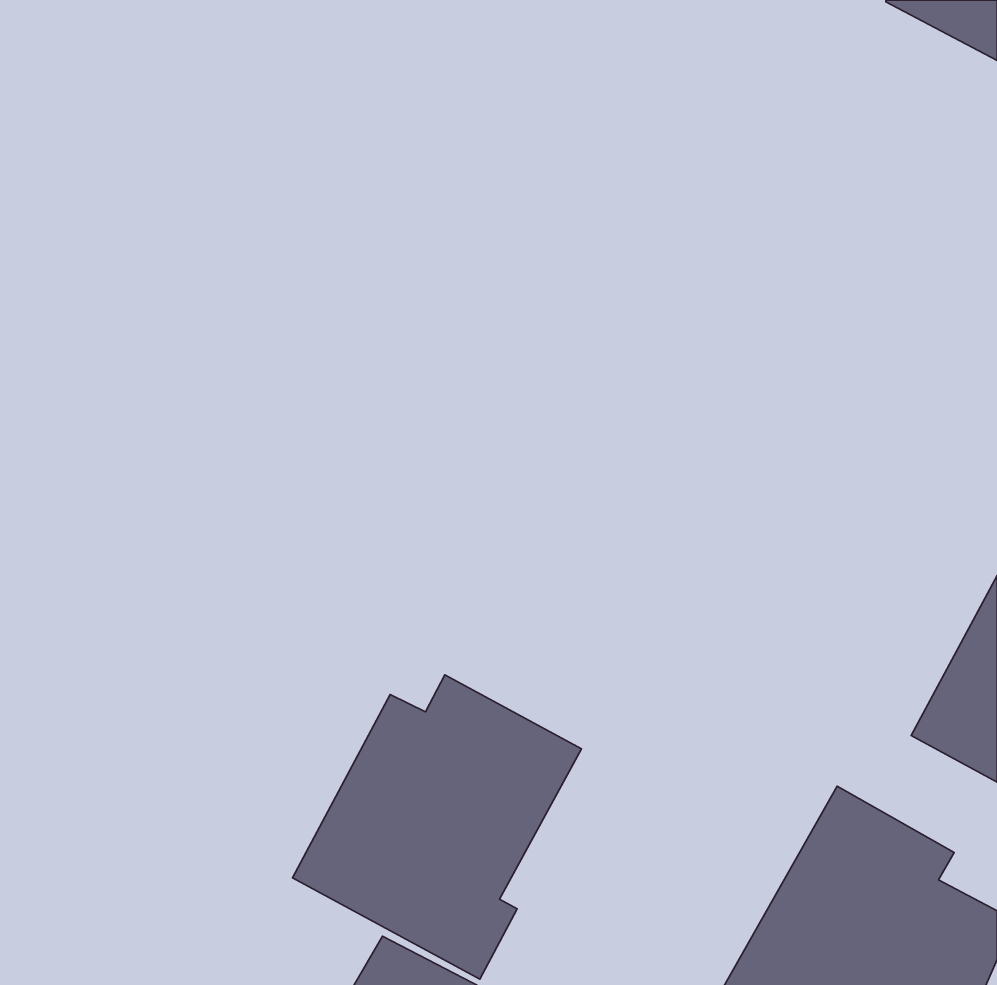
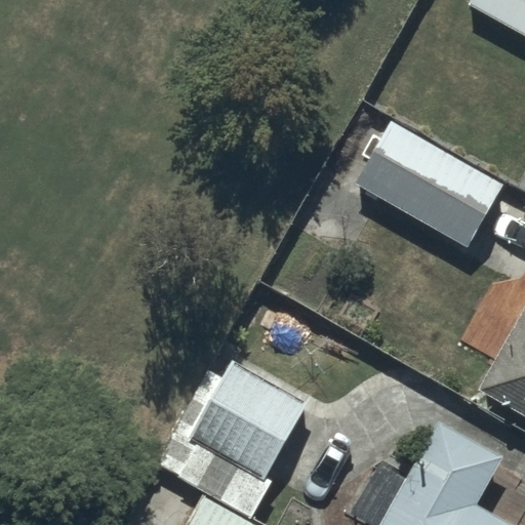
building: none -> [356,122,501,246]

